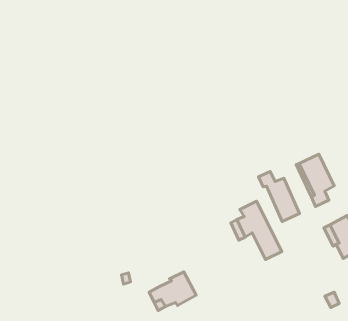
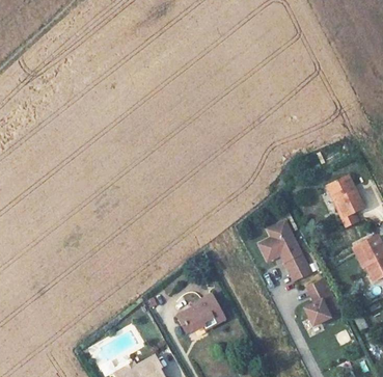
building: [259,171,300,221] -> none
building: none -> [304,278,339,326]

